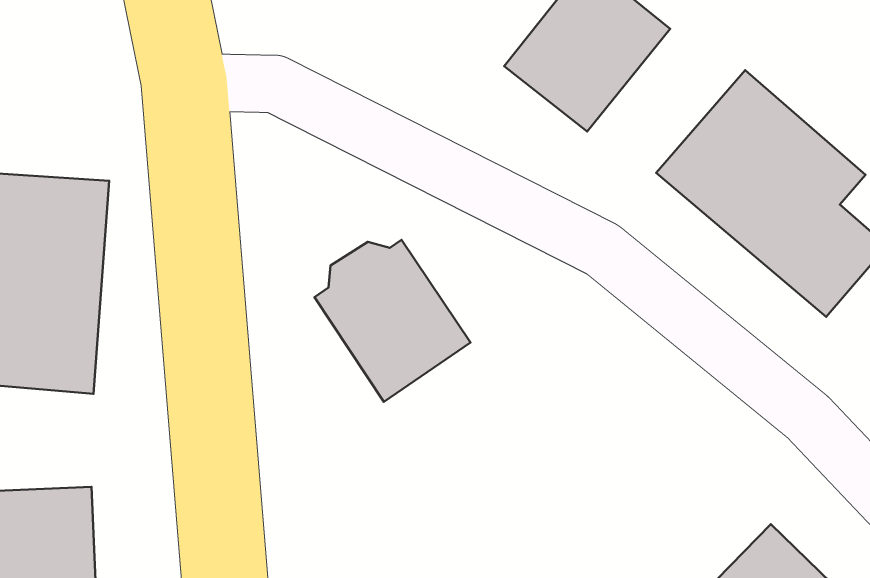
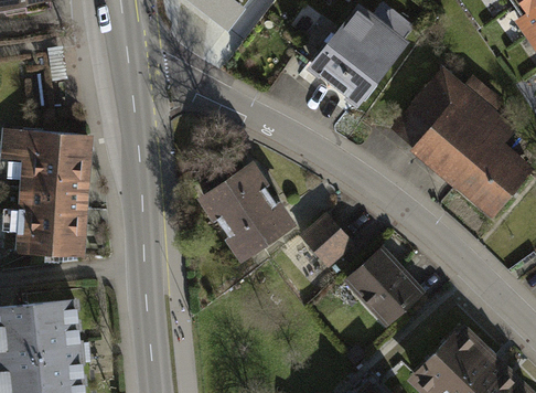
building: none -> [305,215,355,266]
building: none -> [347,246,421,322]

